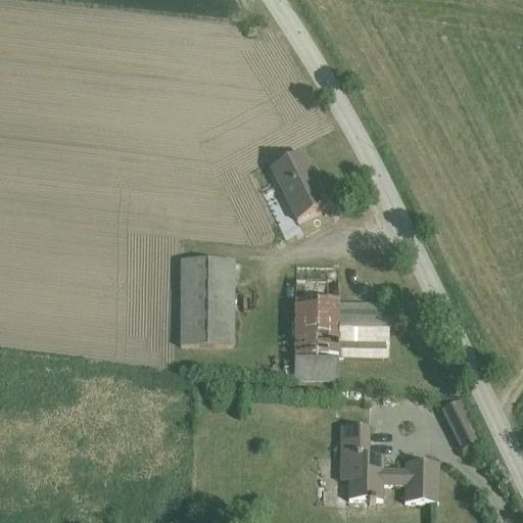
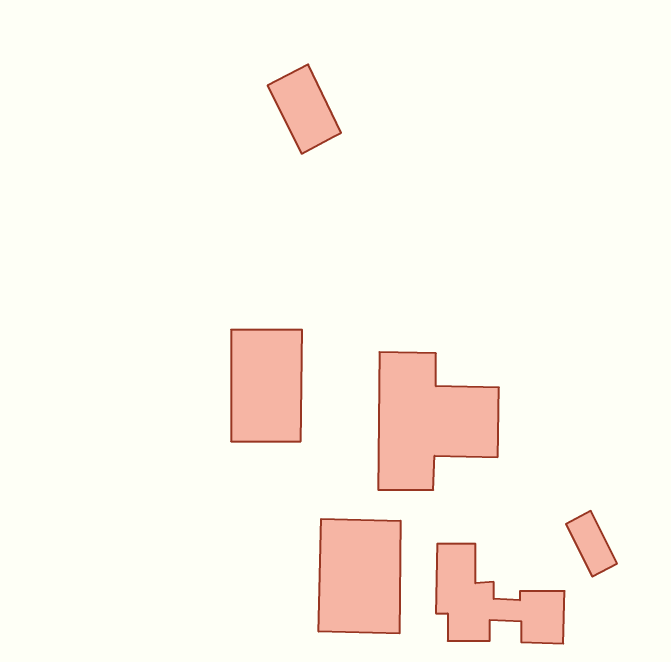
building: [270,149,327,219] -> [268,64,341,154]
building: none -> [319,519,401,633]

